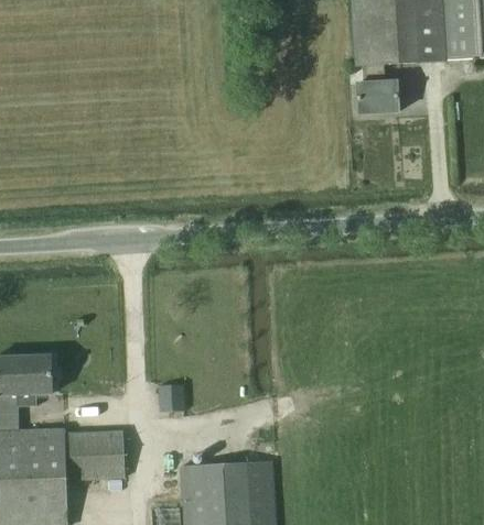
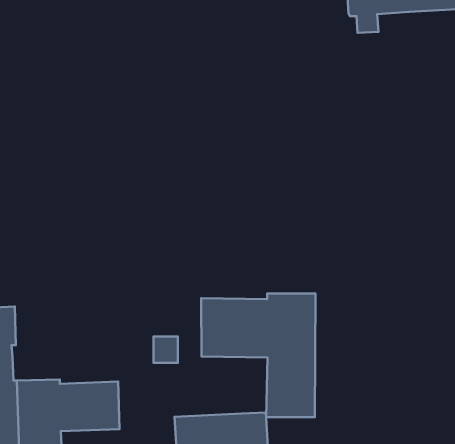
building: [356,80,398,113] -> none
building: none -> [201,294,316,417]
building: [17,356,52,406] -> none

